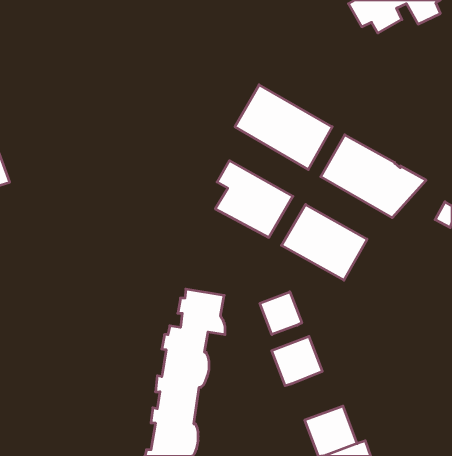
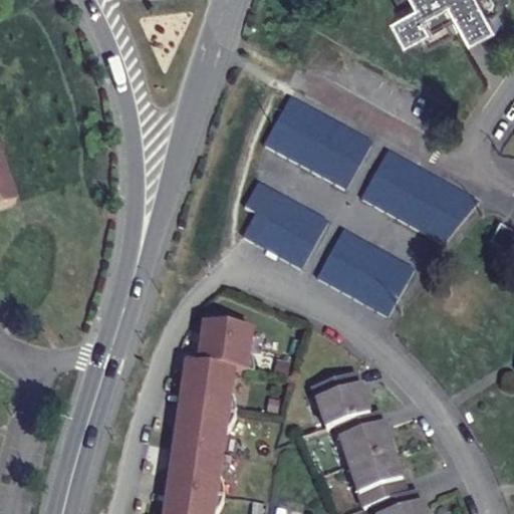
building: [260,292,302,335] -> none
building: none -> [327,416,386,473]

